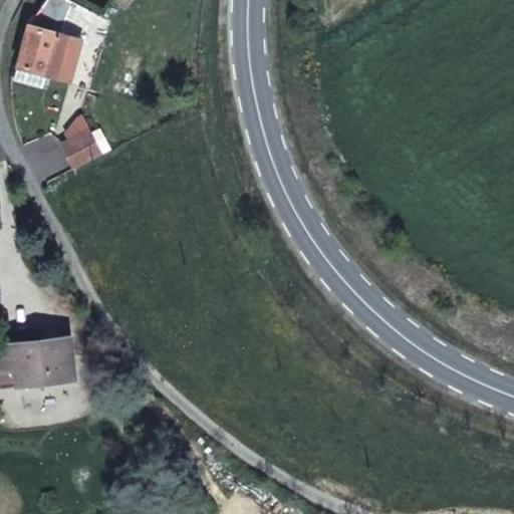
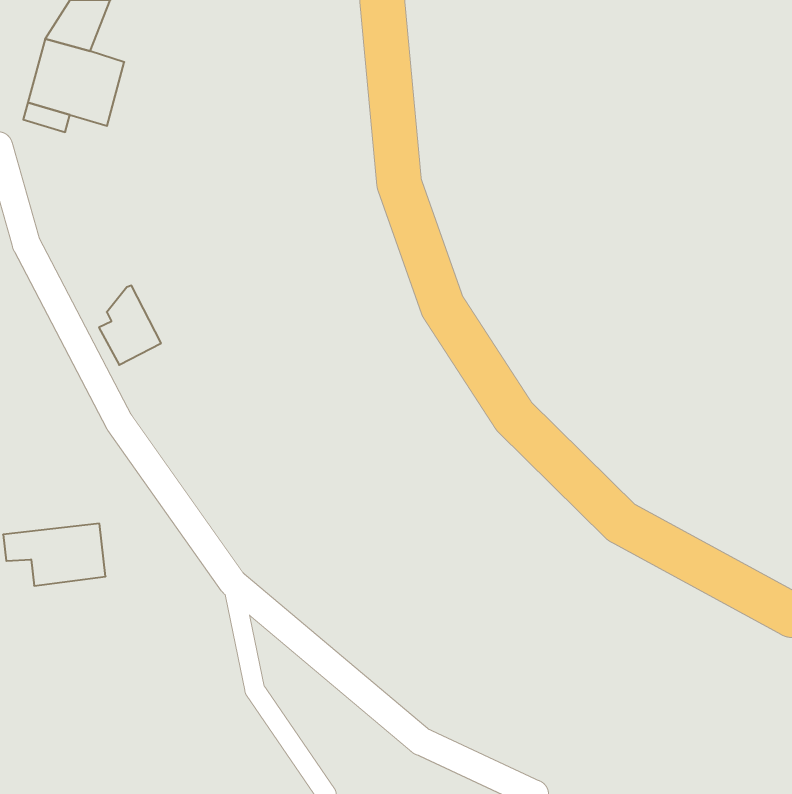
building: [61,117,101,169] -> [99,286,161,365]

